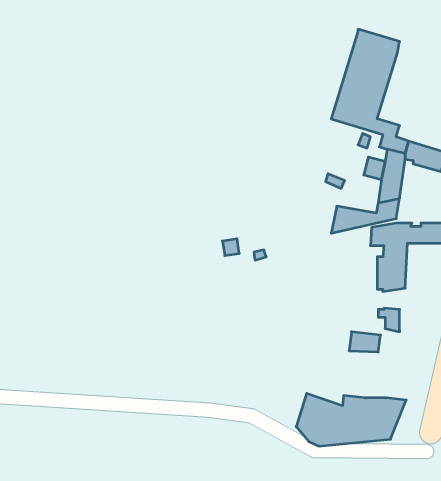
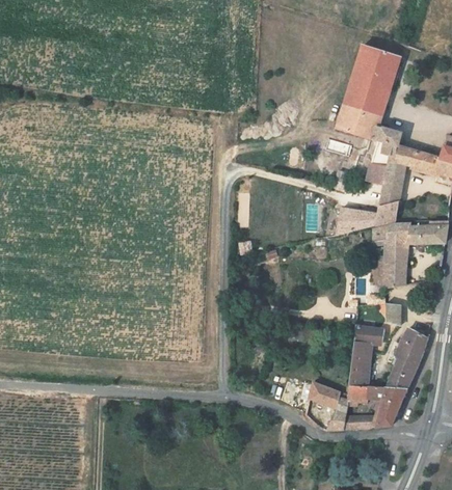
building: none -> [388,326,427,386]
building: none -> [348,352,371,385]

